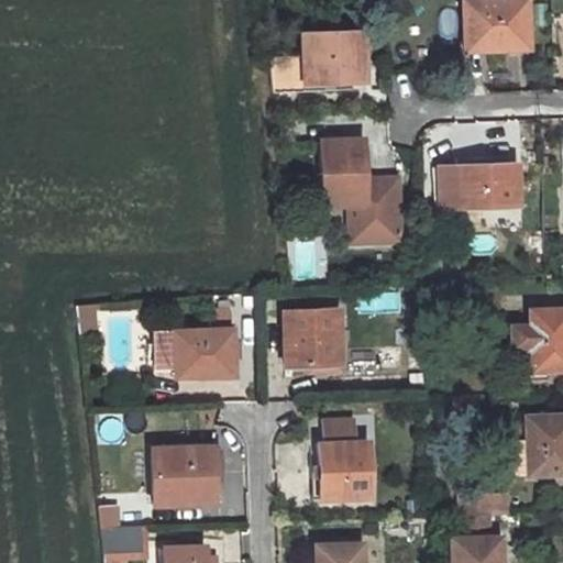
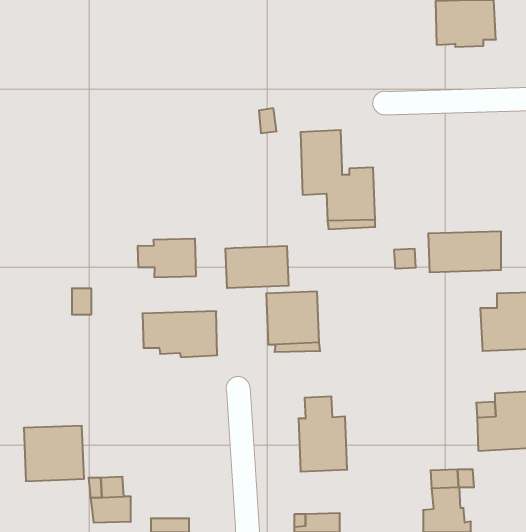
building: [273,31,367,91] -> none
building: [442,164,519,207] -> [428,231,501,272]
building: none -> [138,238,196,277]
building: none -> [226,246,289,288]
building: [153,446,217,505] -> [24,426,84,481]

